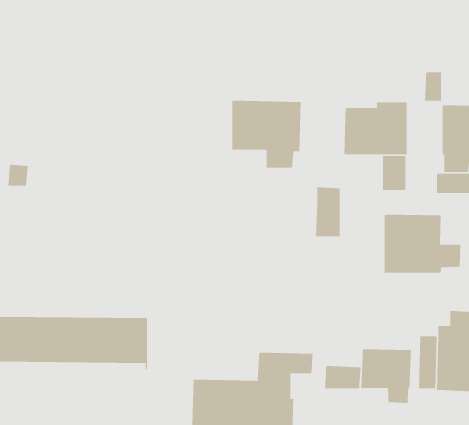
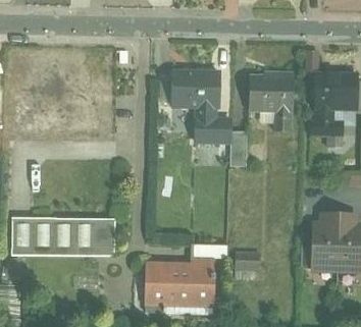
building: none -> [195,118,230,142]
building: [384,214,461,273] -> none
building: [360,349,412,404] -> none

